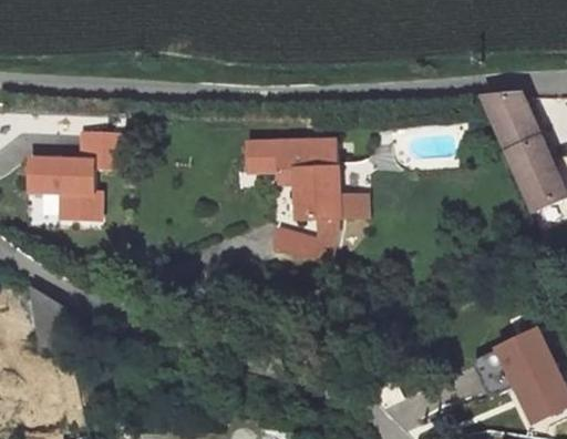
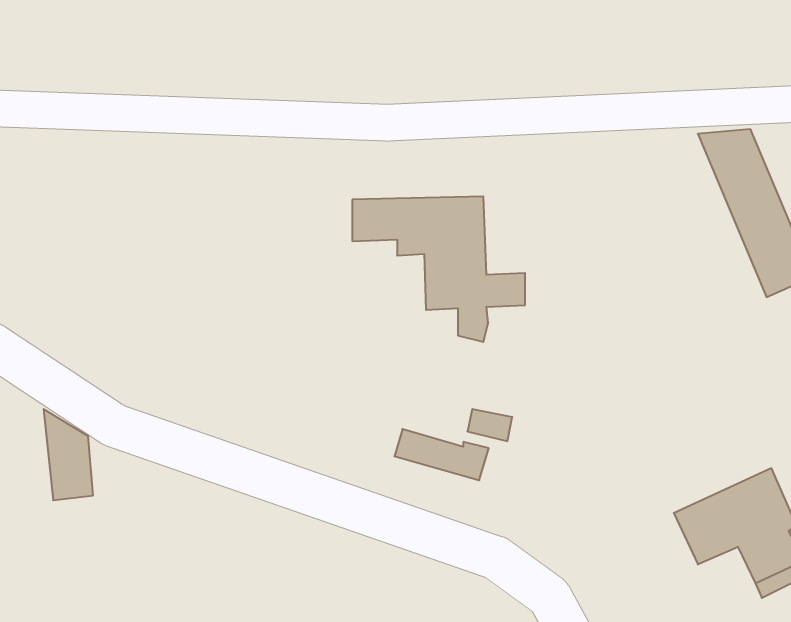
building: [33,131,123,217] -> none
building: [271,227,337,263] -> [394,429,489,480]

